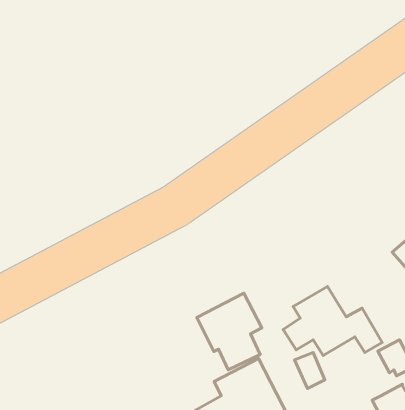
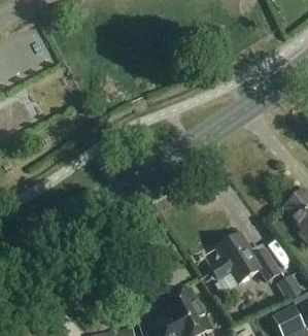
building: [197,293,262,370] -> none

